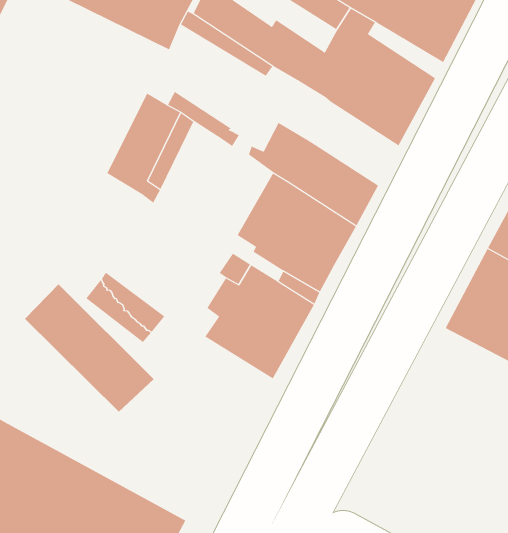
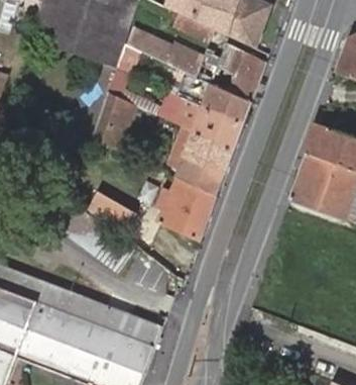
building: none -> [181,73,249,124]

